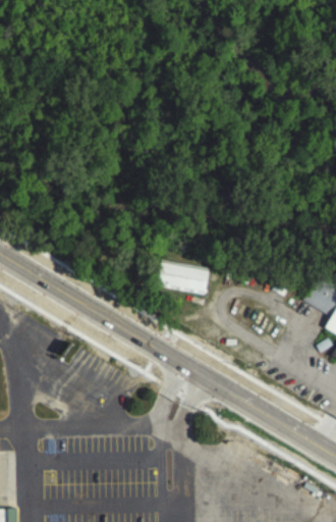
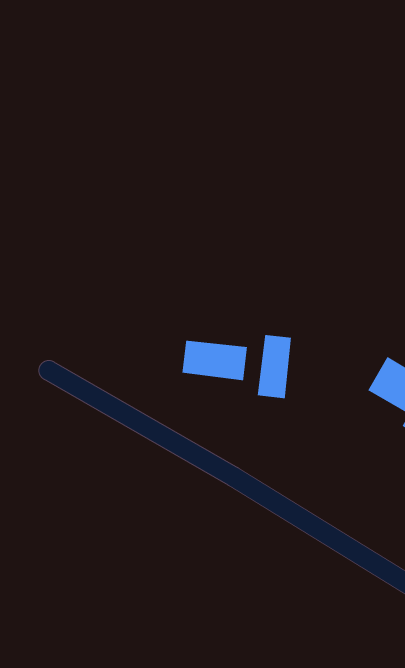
building: none -> [257,334,292,399]

